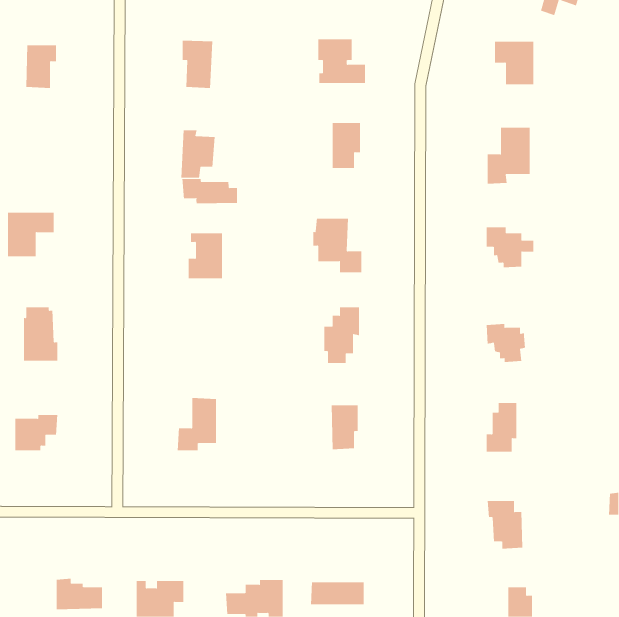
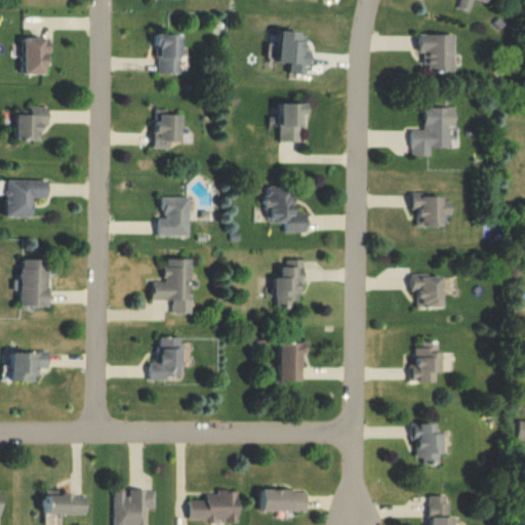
building: none -> [14,106,47,140]
building: [182,178,237,204] -> none
building: none -> [151,258,193,301]

